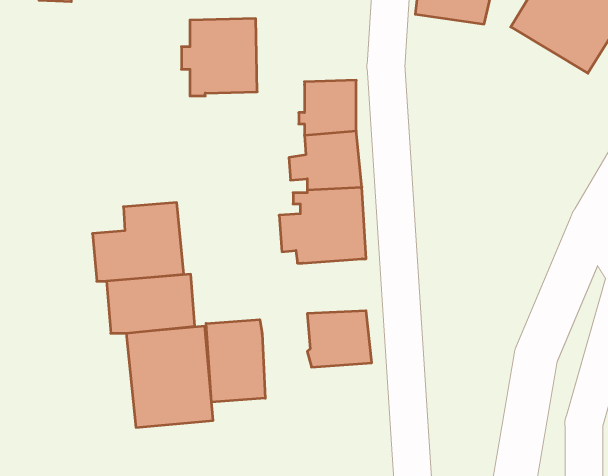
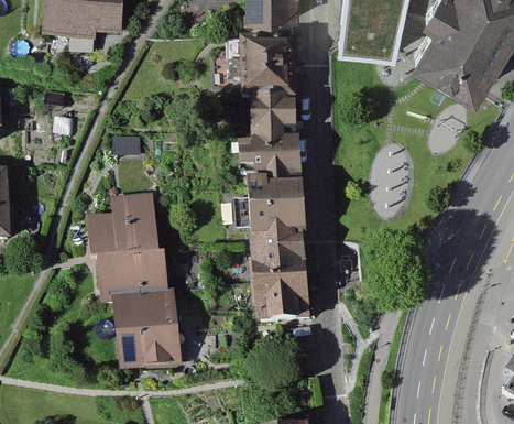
building: [181,19,257,96] -> [234,41,294,101]
building: none -> [252,238,302,281]
building: [206,320,265,402] -> none

